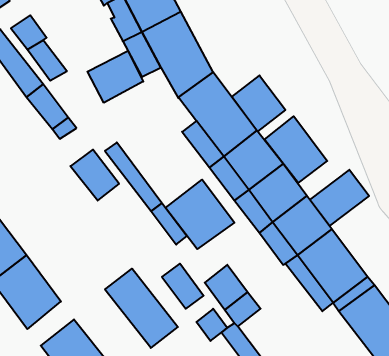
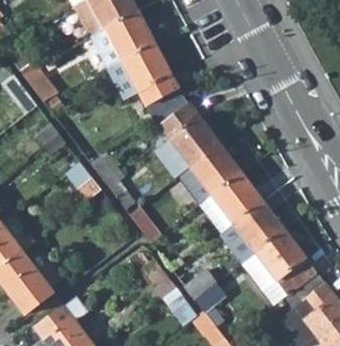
building: [87,51,143,103] -> none
building: [232,75,285,131] -> none
building: [264,116,327,183] -> none
building: [310,170,369,226] -> none
building: [166,180,234,249] -> none
building: [105,269,178,348] -> none

